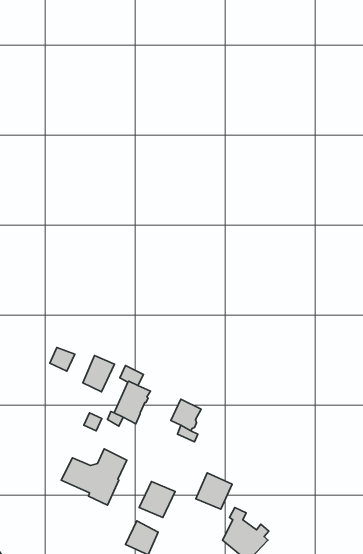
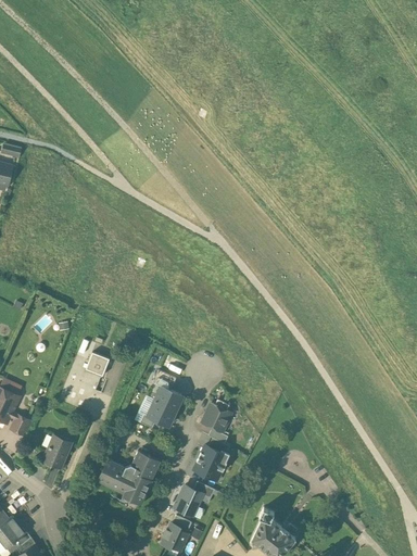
building: [83,356,114,392] -> none
building: none -> [42,435,72,469]
building: [196,473,232,509] -> [194,445,229,480]

